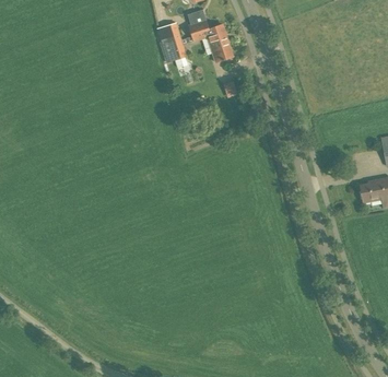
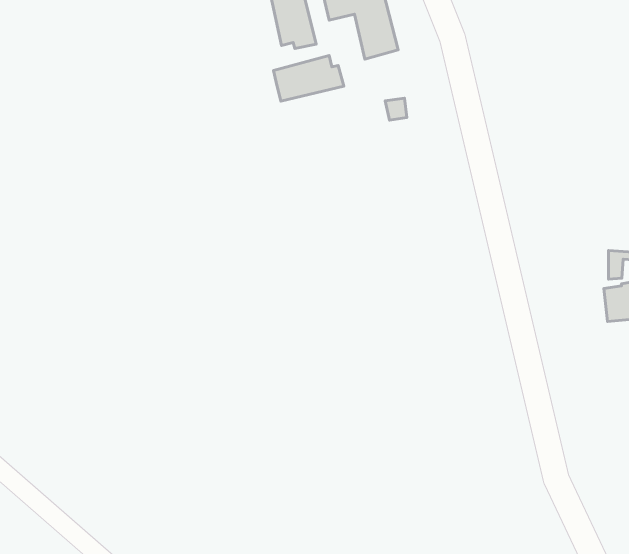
building: none -> [273,55,344,101]

